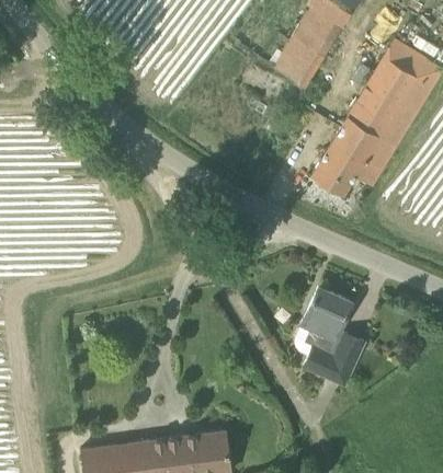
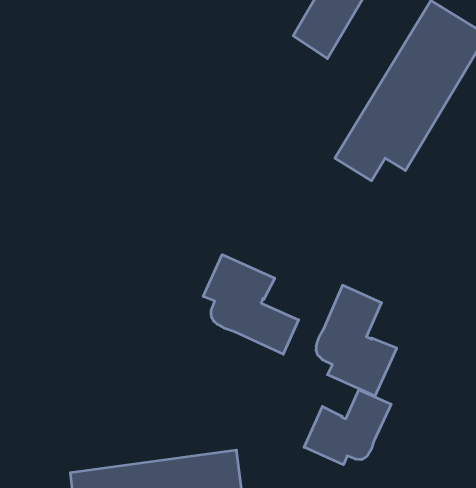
building: none -> [203,255,299,354]
building: none -> [304,390,391,465]

